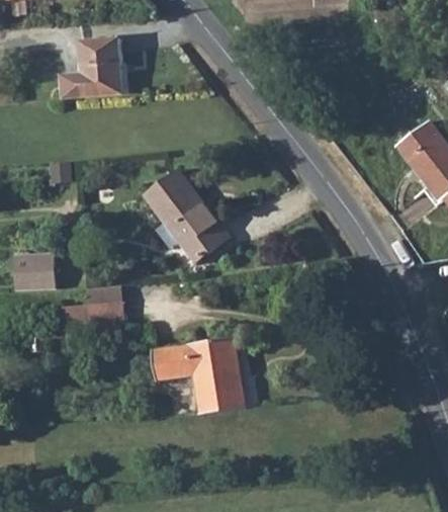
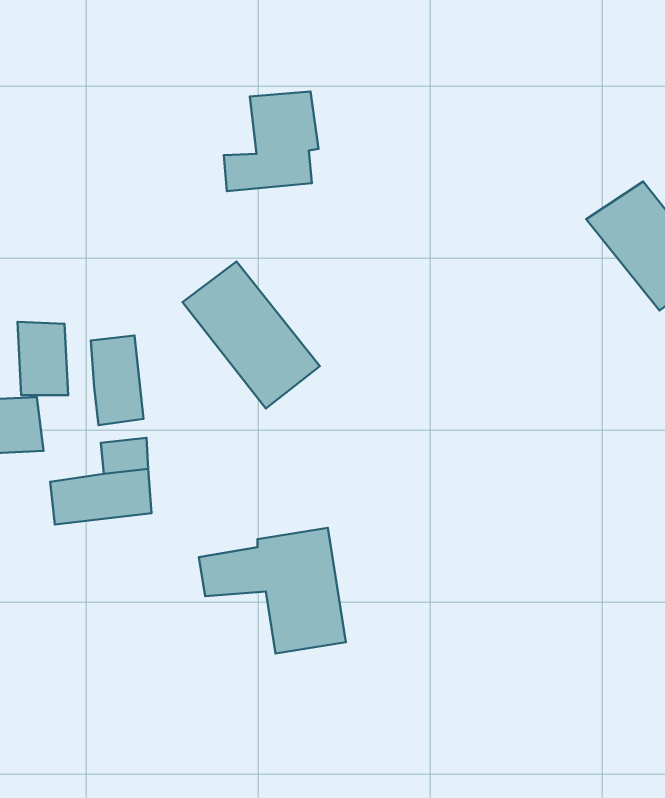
building: [61,36,119,98] -> [224,92,319,191]
building: none -> [18,322,68,395]
building: none -> [91,336,143,425]

